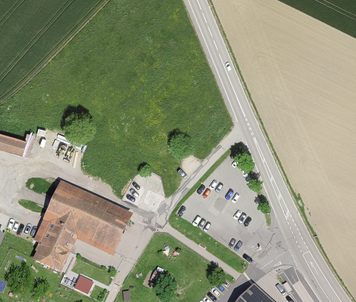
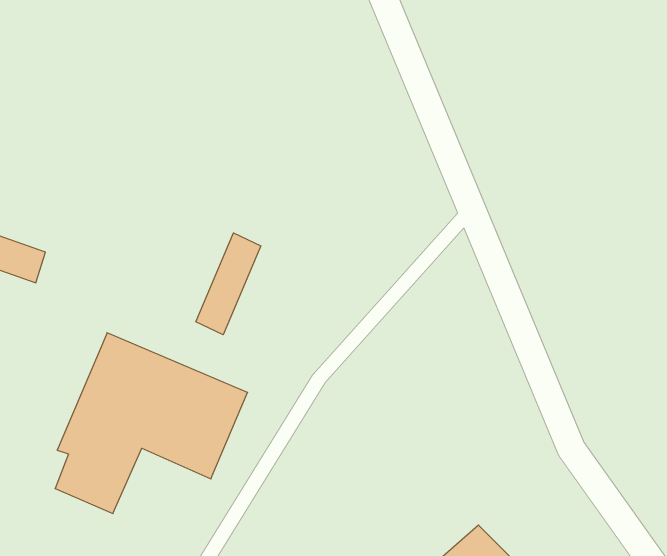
building: none -> [196,233,261,335]

